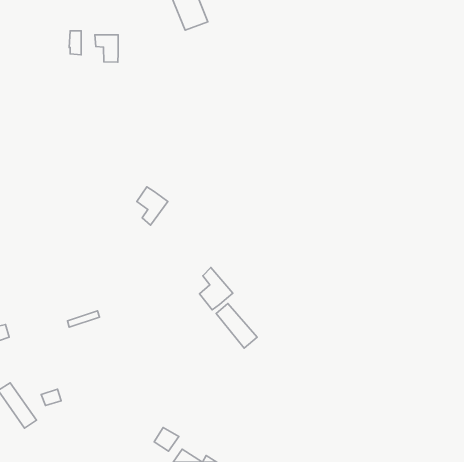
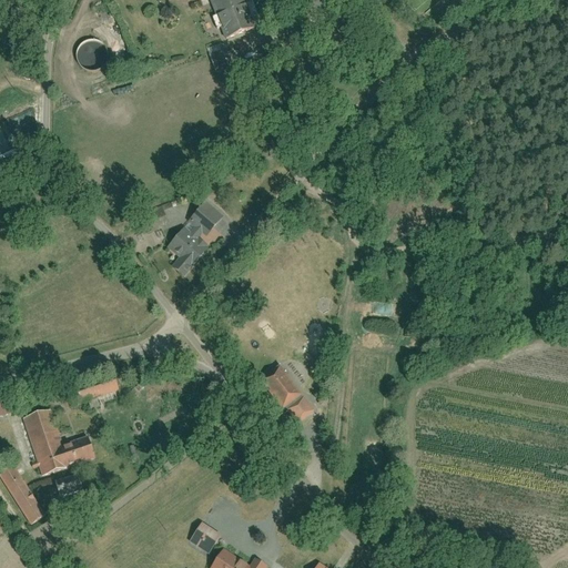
building: [95,35,118,62] -> none
building: none -> [187,199,222,240]
building: [199,268,233,310] -> none
building: none -> [22,412,93,474]

